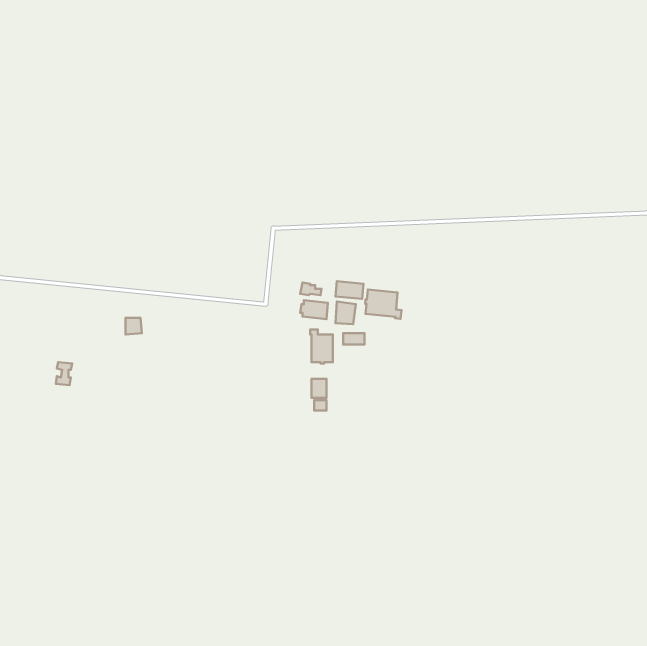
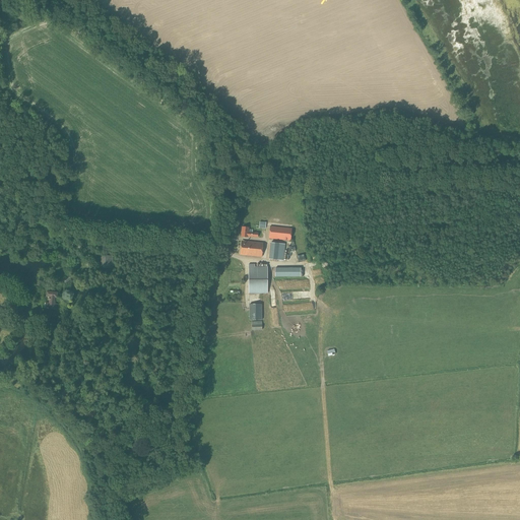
building: [365,290,401,319] -> none

